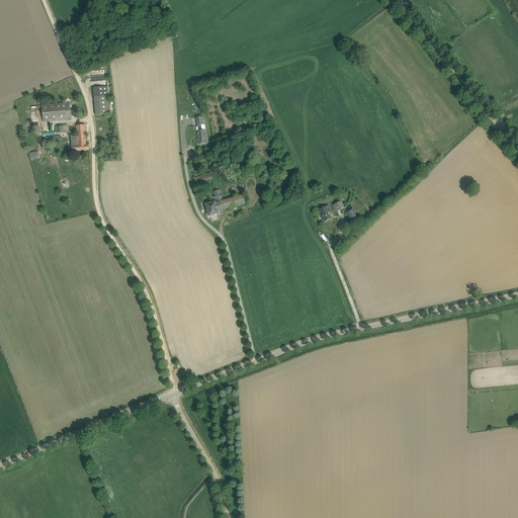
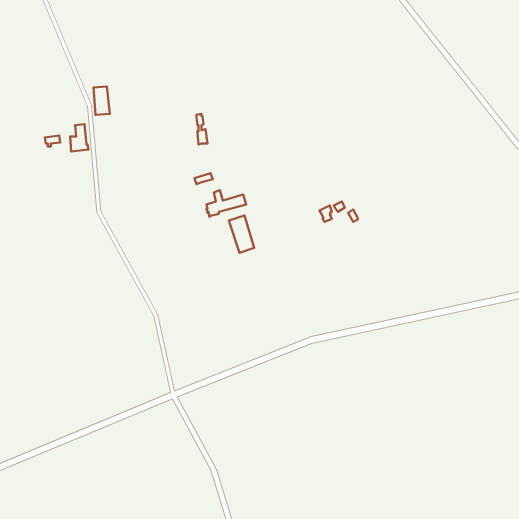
building: [41,102,70,120] -> none
building: none -> [229,215,254,253]

